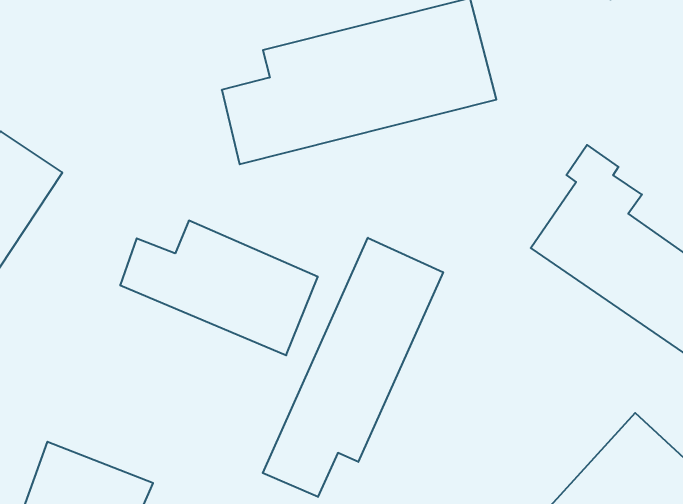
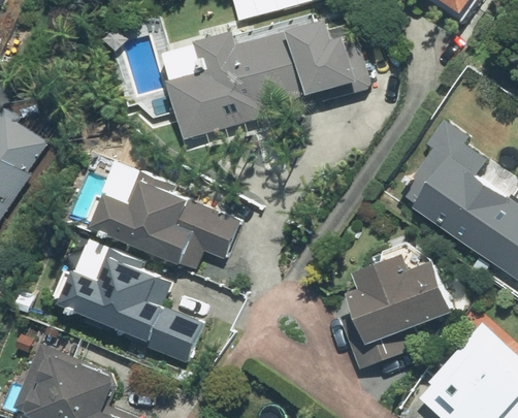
building: [263,238,443,497] -> none
building: none -> [59,250,200,358]
building: none -> [346,258,450,345]

